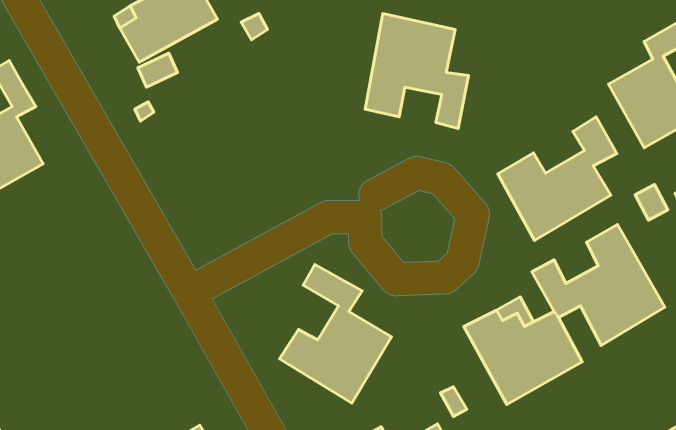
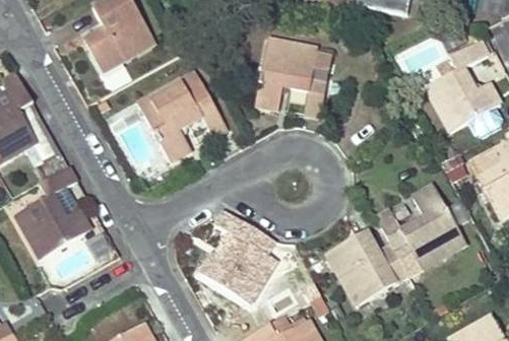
building: none -> [138,75,229,159]
building: [498,117,617,240] -> none
building: none -> [13,164,91,258]

